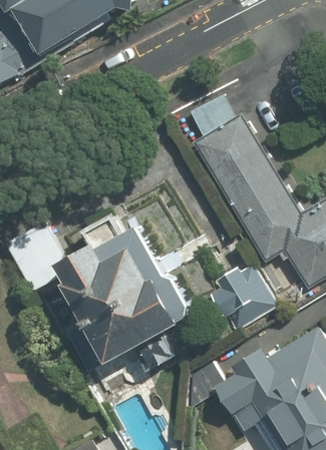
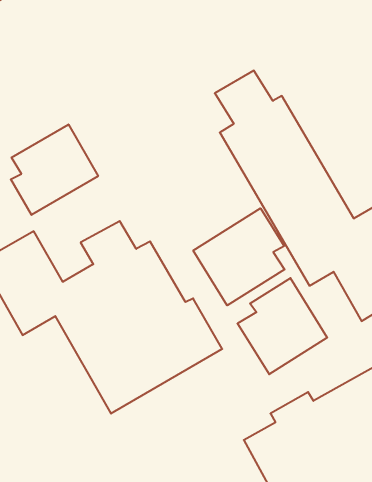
building: none -> [11,124,98,215]
building: none -> [193,208,285,305]

